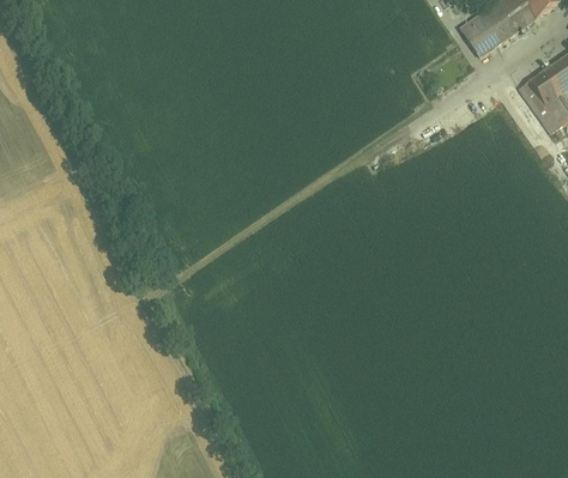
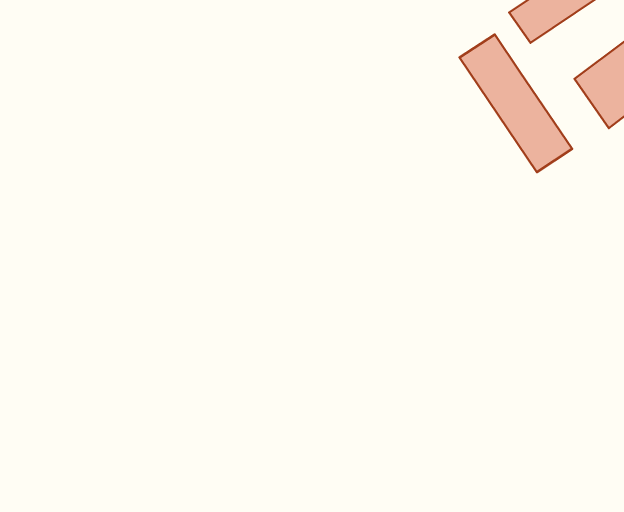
building: none -> [459,35,572,172]

